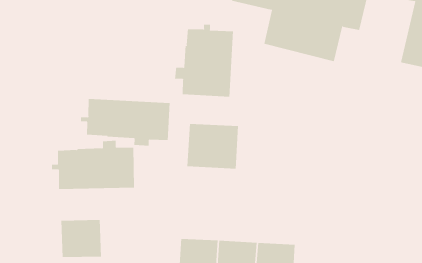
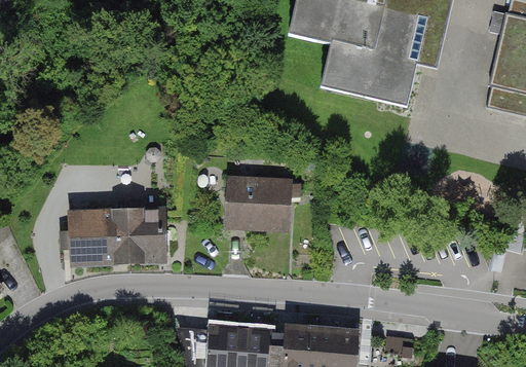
building: [175,24,233,97] -> none
building: [81,98,170,147] -> none
building: [61,219,101,258] -> none

